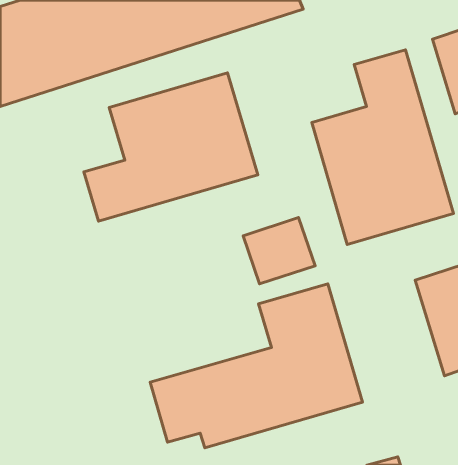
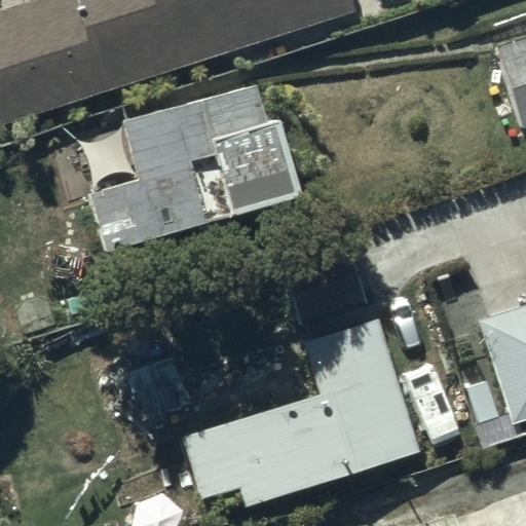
building: [312,50,454,244] -> none

